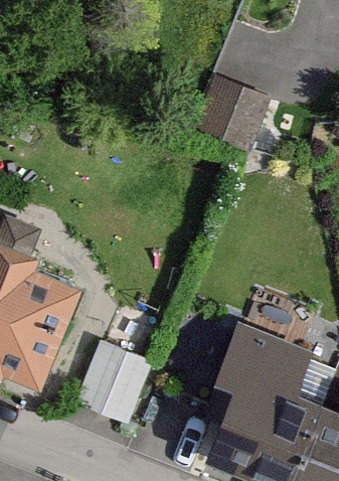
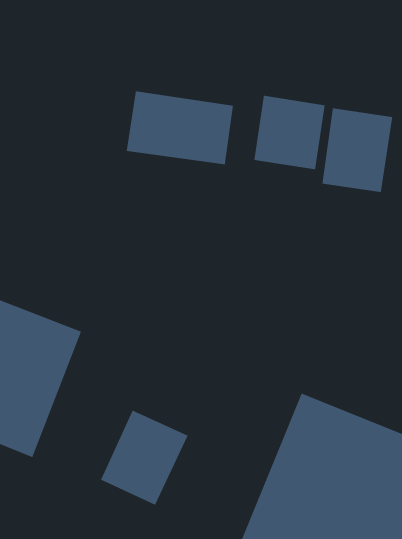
building: none -> [126,90,234,165]
building: none -> [322,107,393,193]

